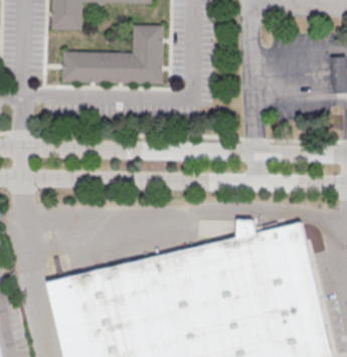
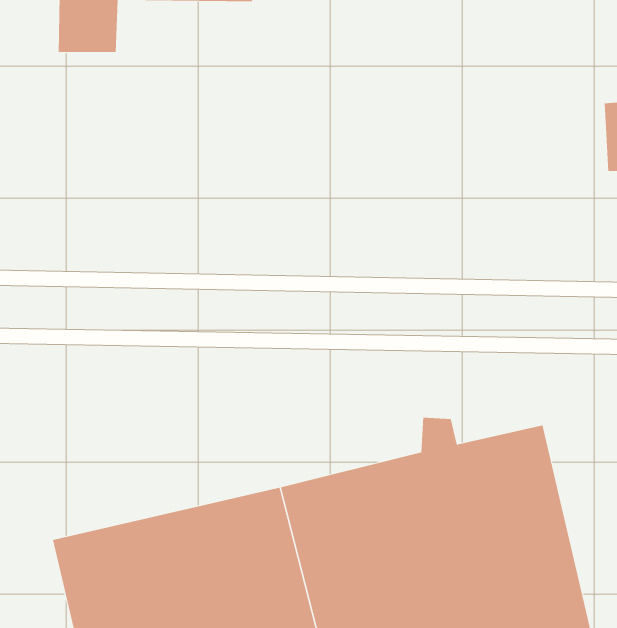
building: [61,26,162,84] -> none

